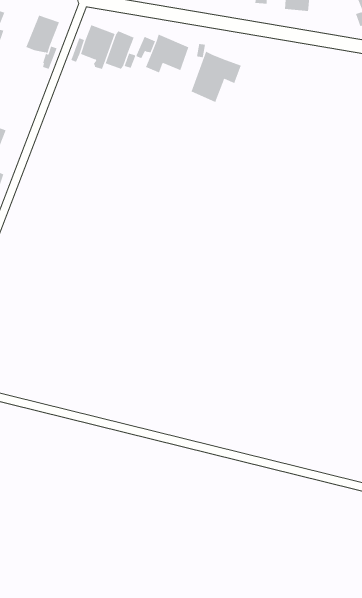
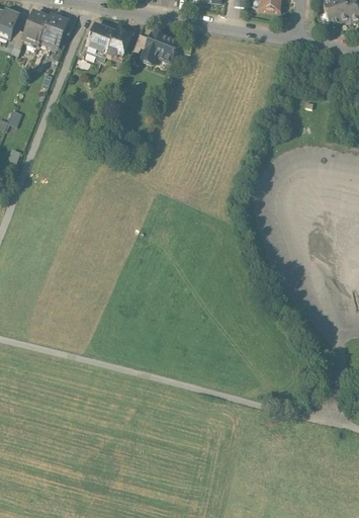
building: none -> [22,11,49,44]
building: [191,51,241,103] -> none

